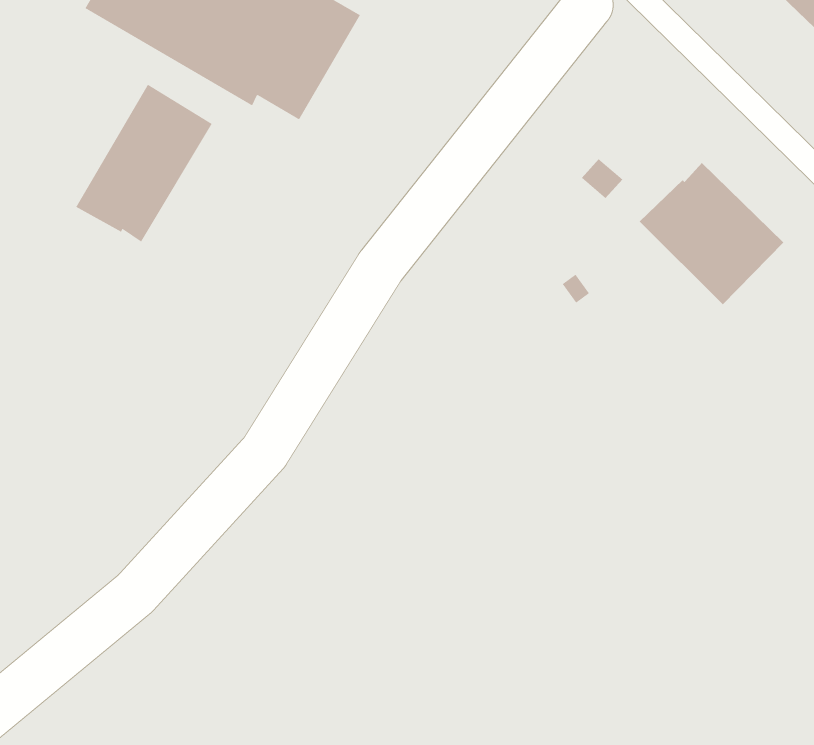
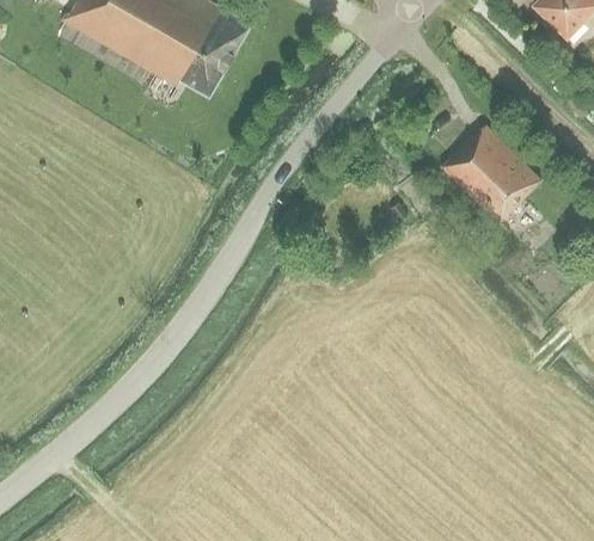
building: [75,84,212,242] -> none

